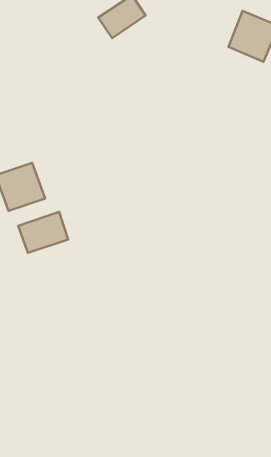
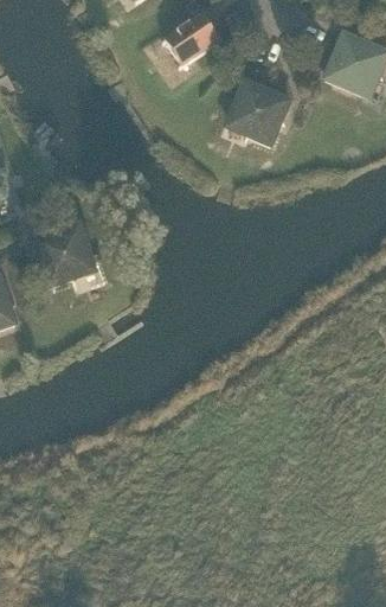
building: none -> [226,81,290,145]
building: [18,212,68,253] -> none

